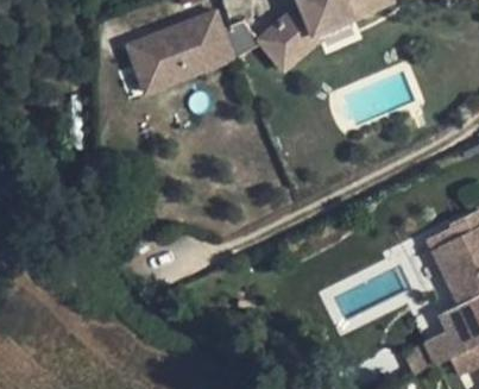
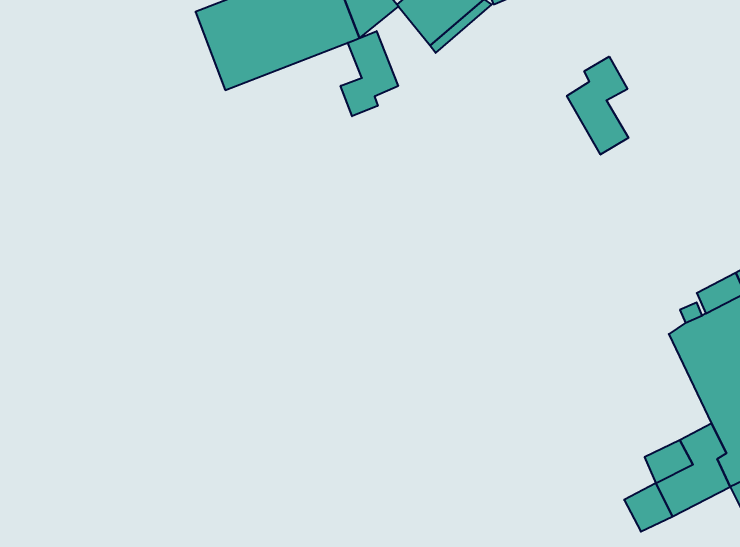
building: none -> [341,31,398,116]
building: none -> [567,57,628,155]

